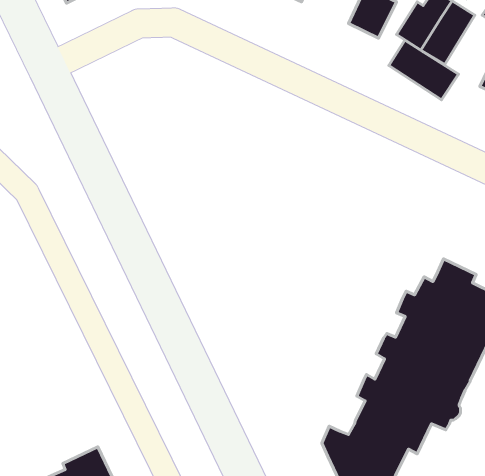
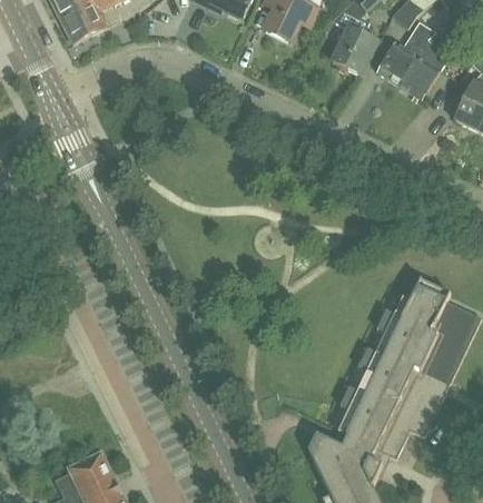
building: [389,40,459,100] -> none

